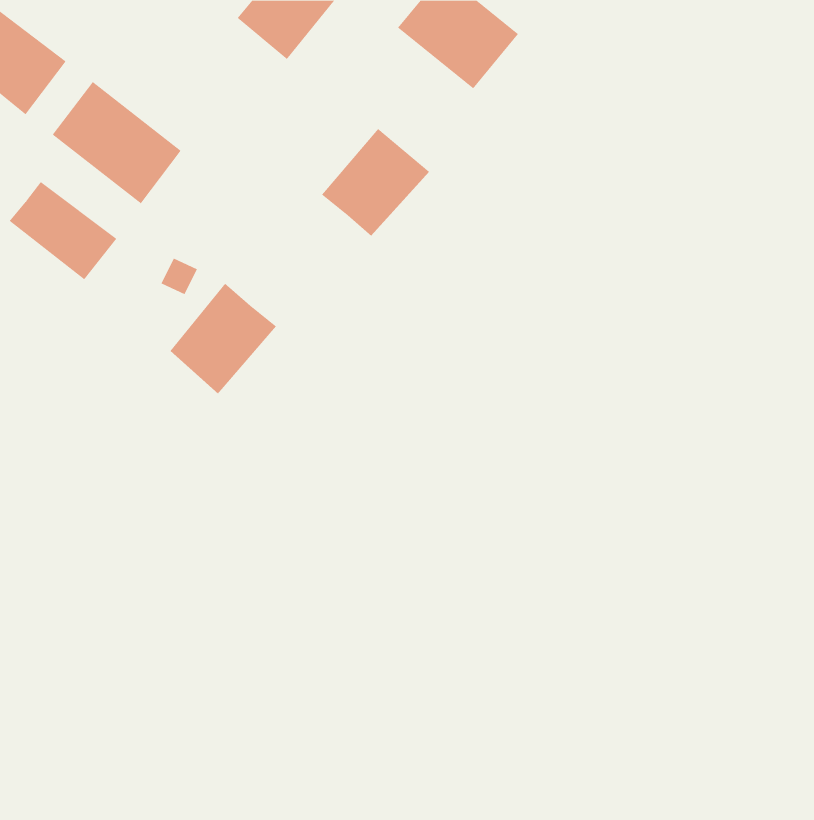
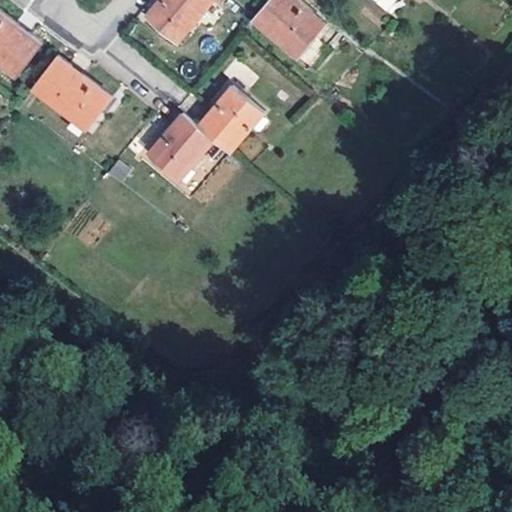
building: [9,181,117,280] -> none
building: [170,283,277,395] -> [148,111,214,180]

